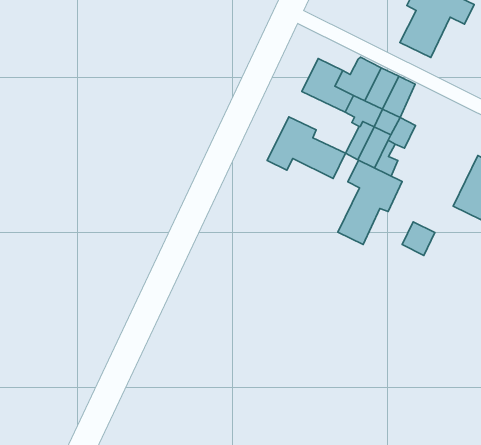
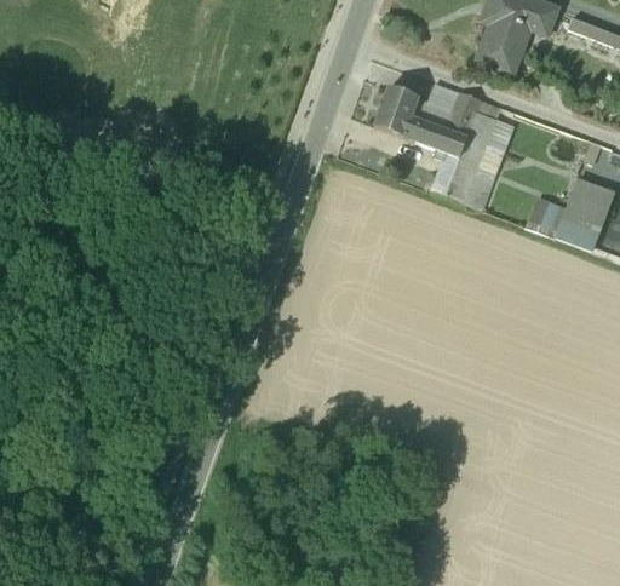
building: [267,117,346,179] -> none
building: [338,160,402,244] -> none
building: [402,222,435,255] -> [529,200,564,236]

